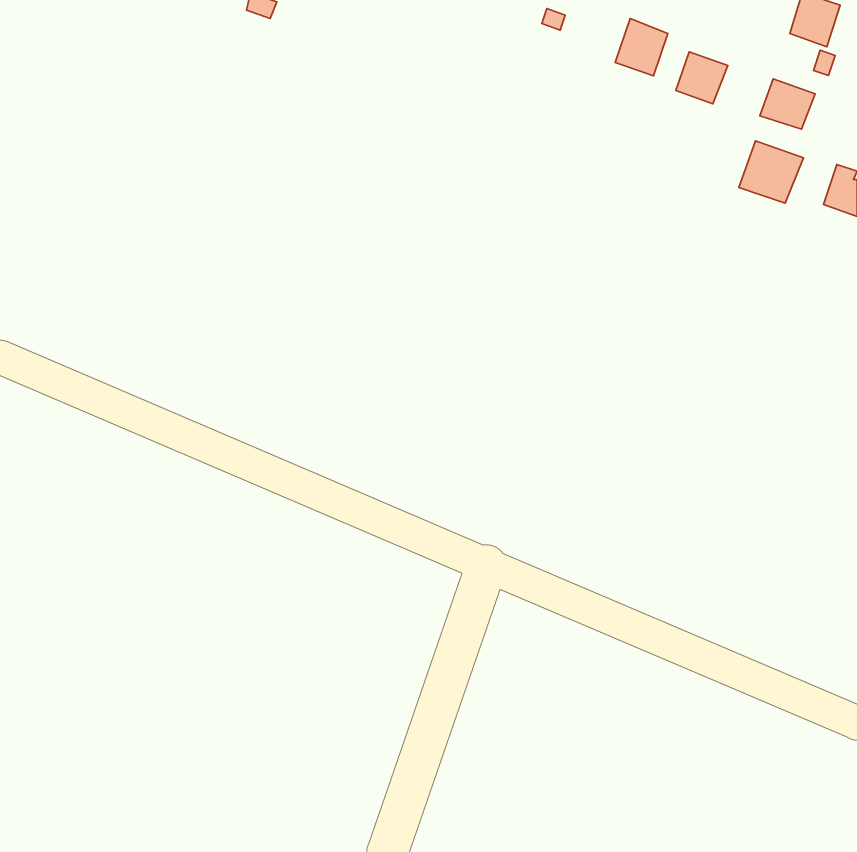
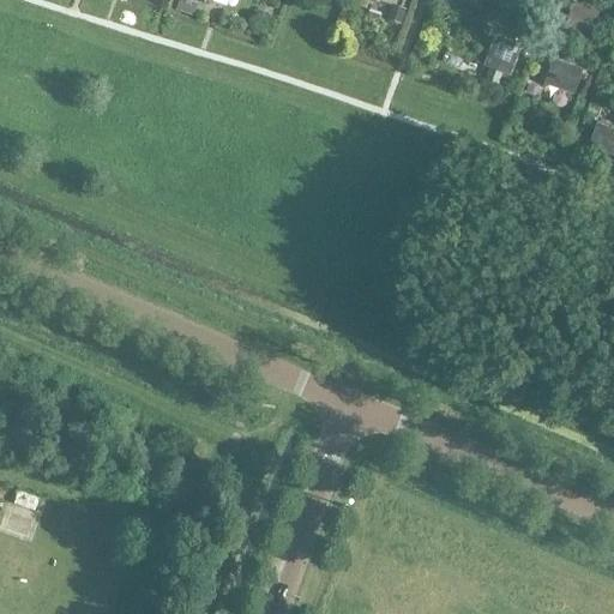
building: [615,18,668,76] -> none
building: [739,141,803,203] -> none

